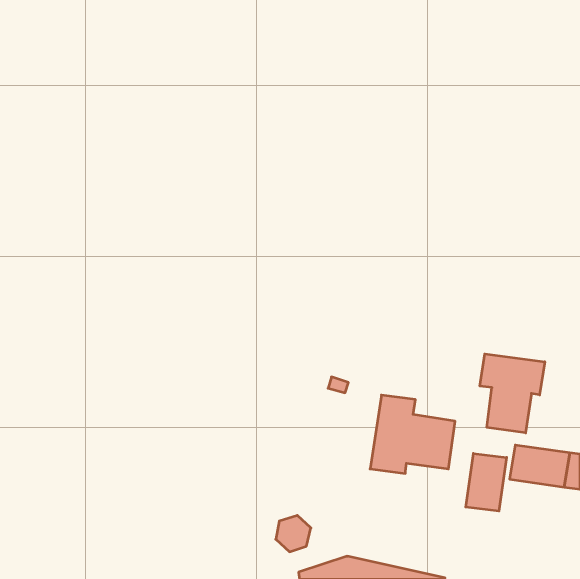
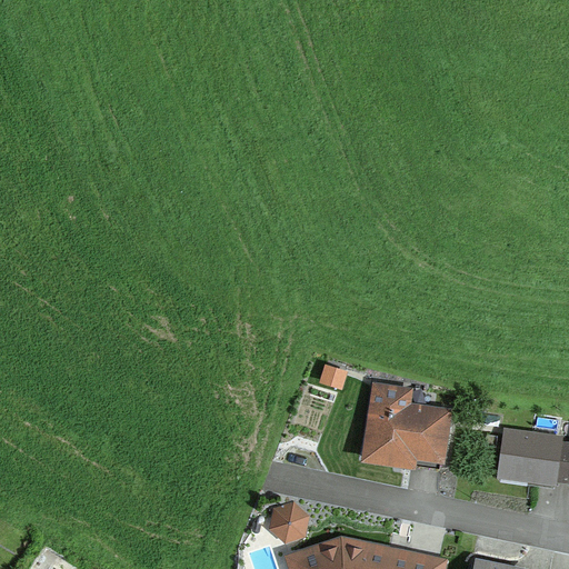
building: [480,354,545,433] -> none
building: [466,453,507,511] -> none

